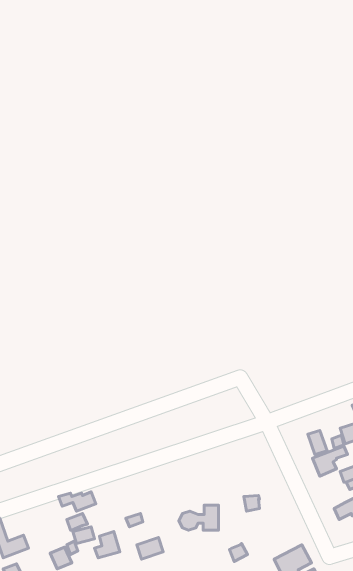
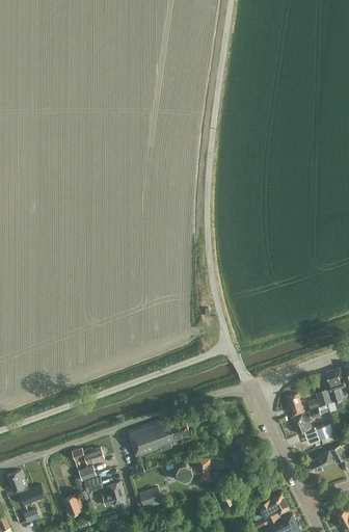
building: none -> [128,416,189,457]

